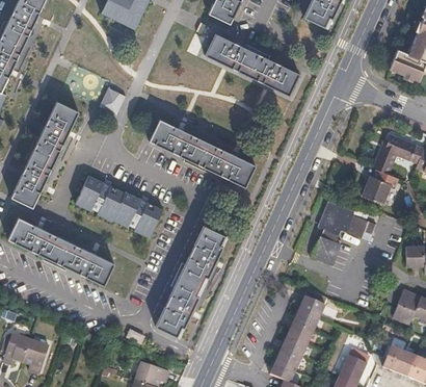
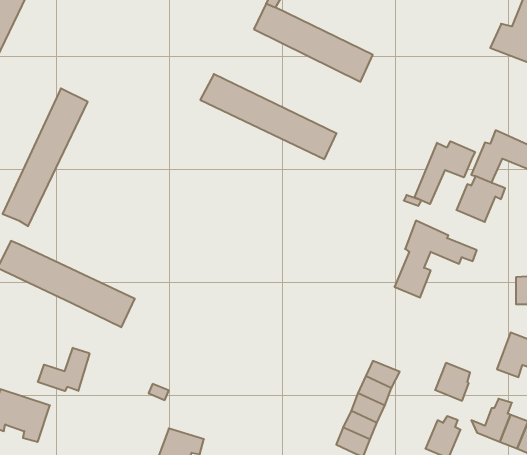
building: [100,87,126,114] -> none
building: [149,121,254,186] -> [200,74,337,159]
building: none -> [415,141,475,204]
building: [75,175,162,237] -> none
building: [156,226,227,337] -> none
building: [297,289,324,318] -> [435,363,470,401]
building: none -> [38,348,90,391]

